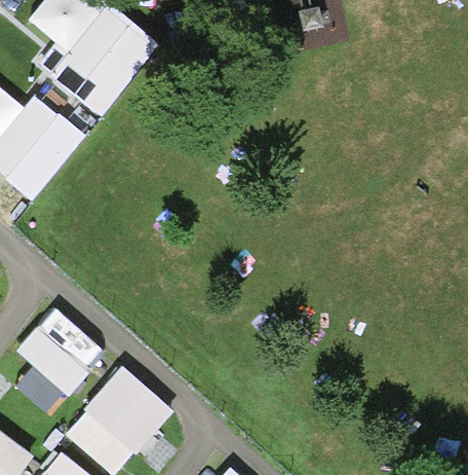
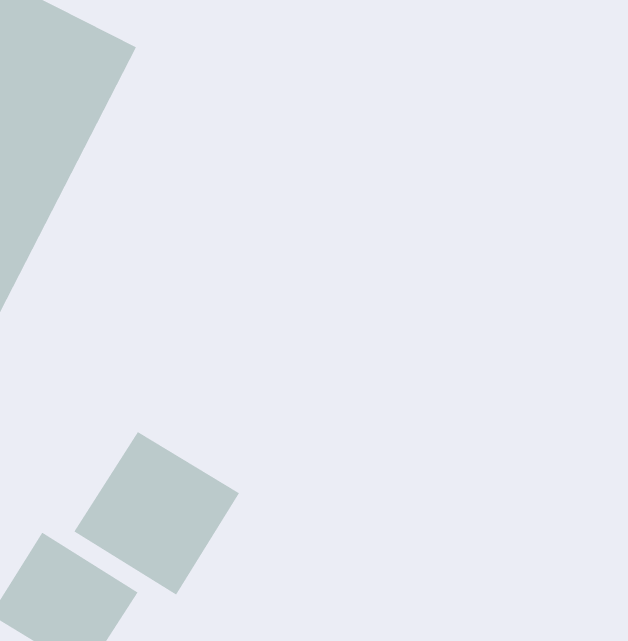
building: none -> [73,431,240,596]

